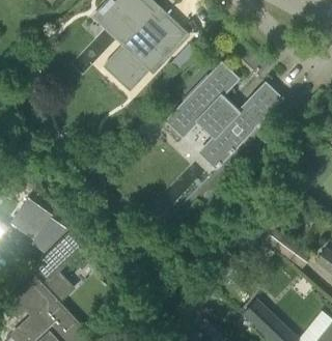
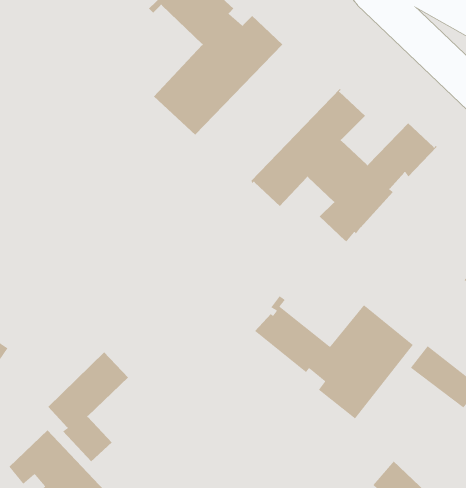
building: none -> [254,295,414,419]
building: [10,197,53,239] -> none

